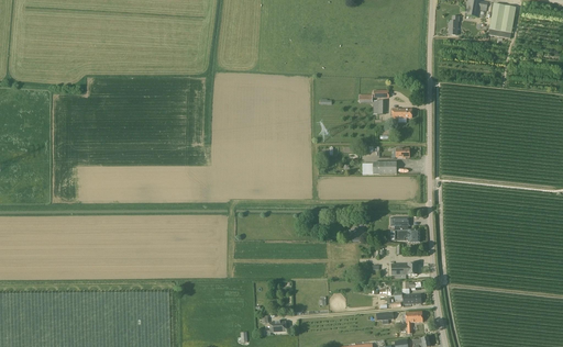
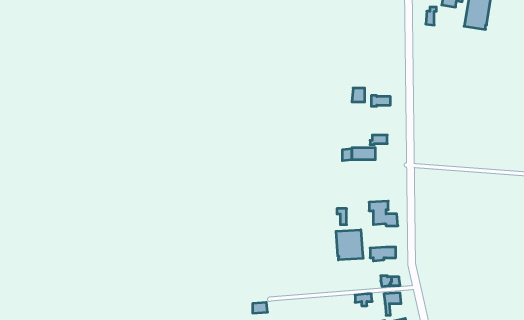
building: none -> [336,230,363,260]

